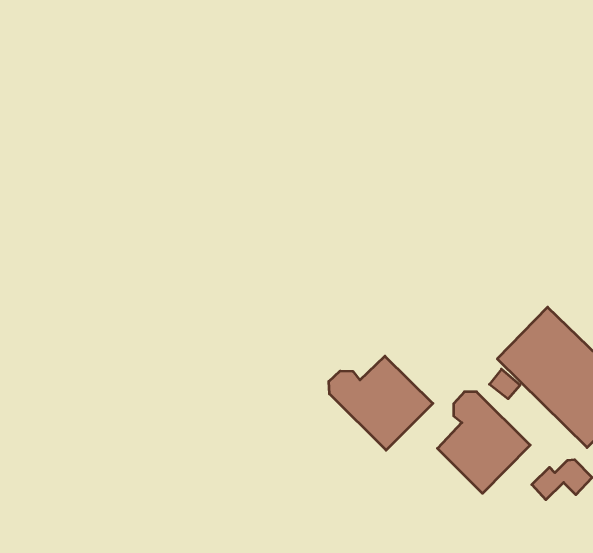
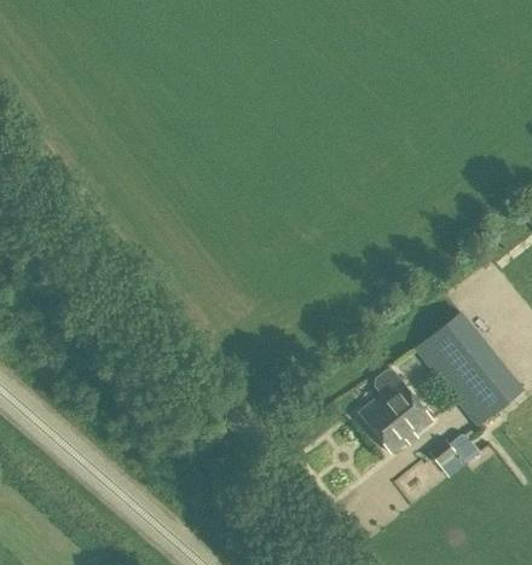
building: [329,356,433,450] -> none

